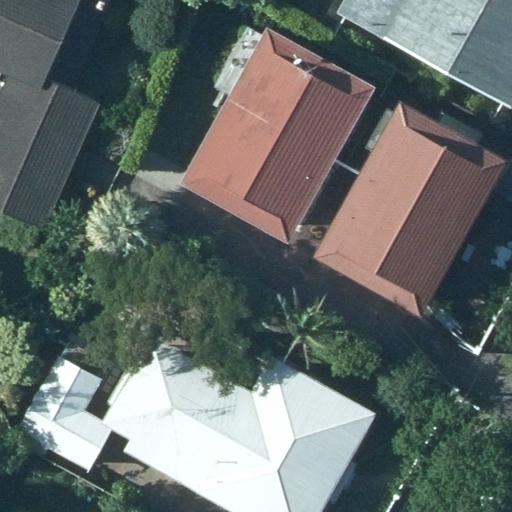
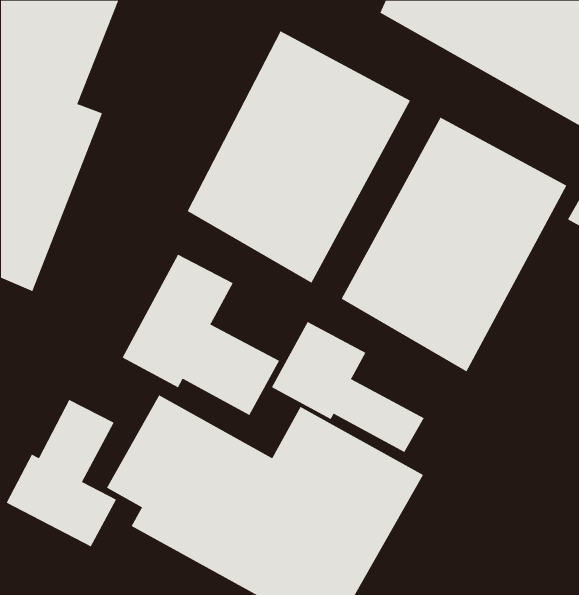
building: none -> [122,254,280,416]
building: none -> [271,321,424,453]

